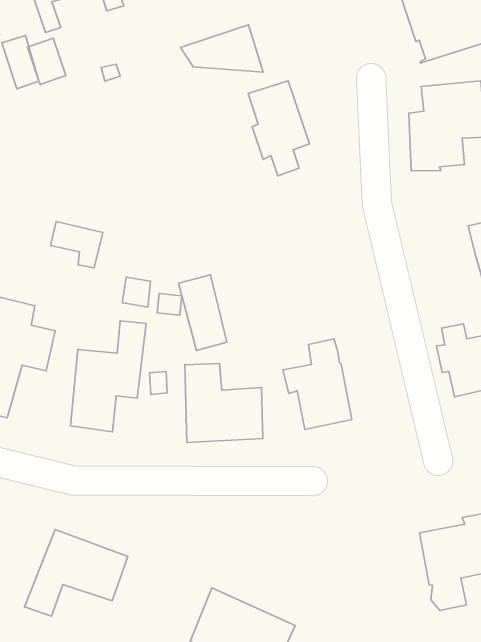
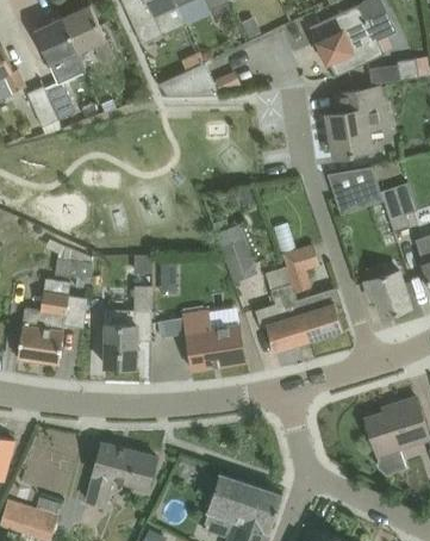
building: [248,81,309,176] -> none
building: none -> [326,167,378,199]
building: [50,221,103,268] -> [55,257,92,288]
building: [179,275,227,351] -> [216,225,255,281]
building: none -> [281,244,319,292]
building: none -> [295,288,343,341]

